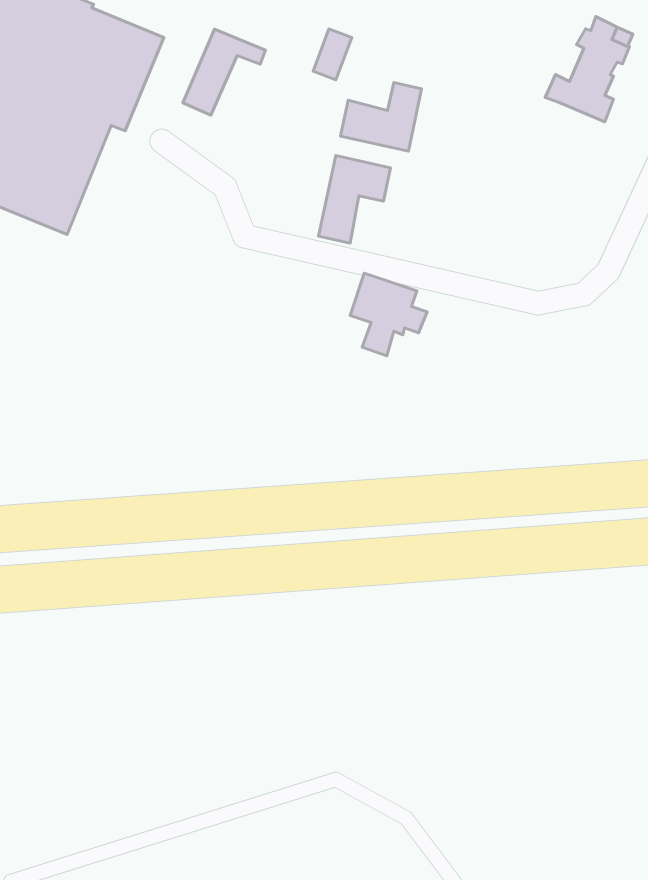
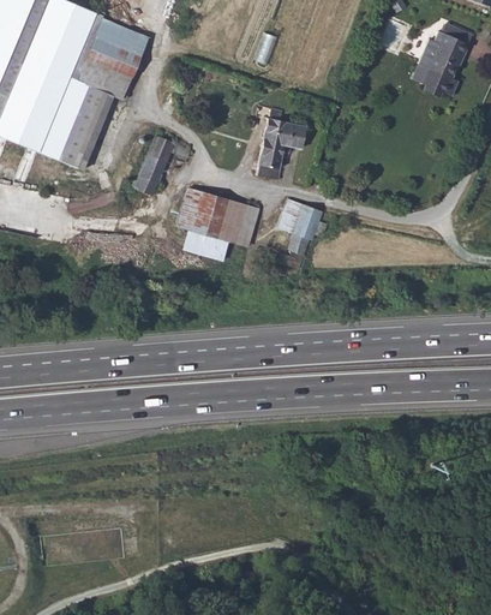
building: [183,29,265,115] -> [134,133,191,192]
building: [341,82,422,151] -> none
building: none -> [176,187,259,262]

